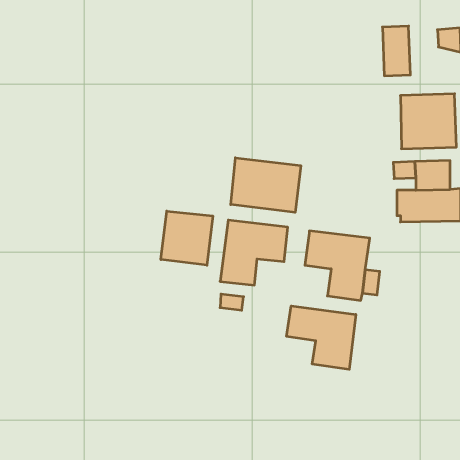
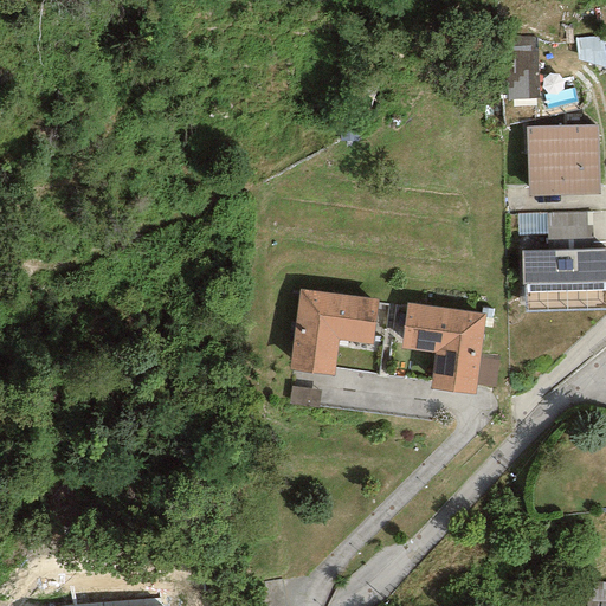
building: [231,158,301,212] -> none
building: [161,211,213,265] -> none
building: [287,306,356,369] -> none

